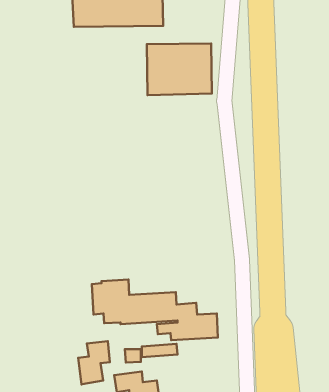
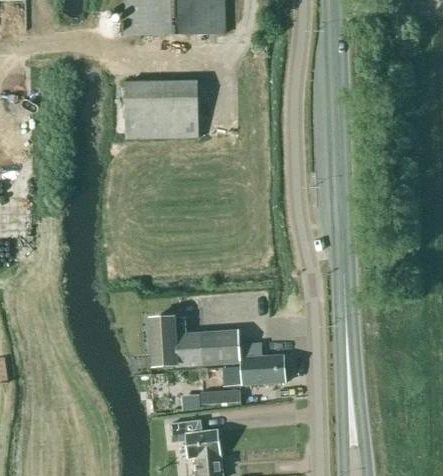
building: [147,43,212,95] -> [125,80,198,138]
building: [78,341,110,384] -> none

